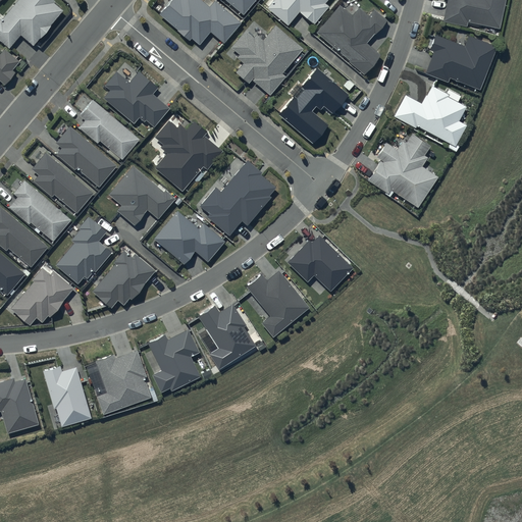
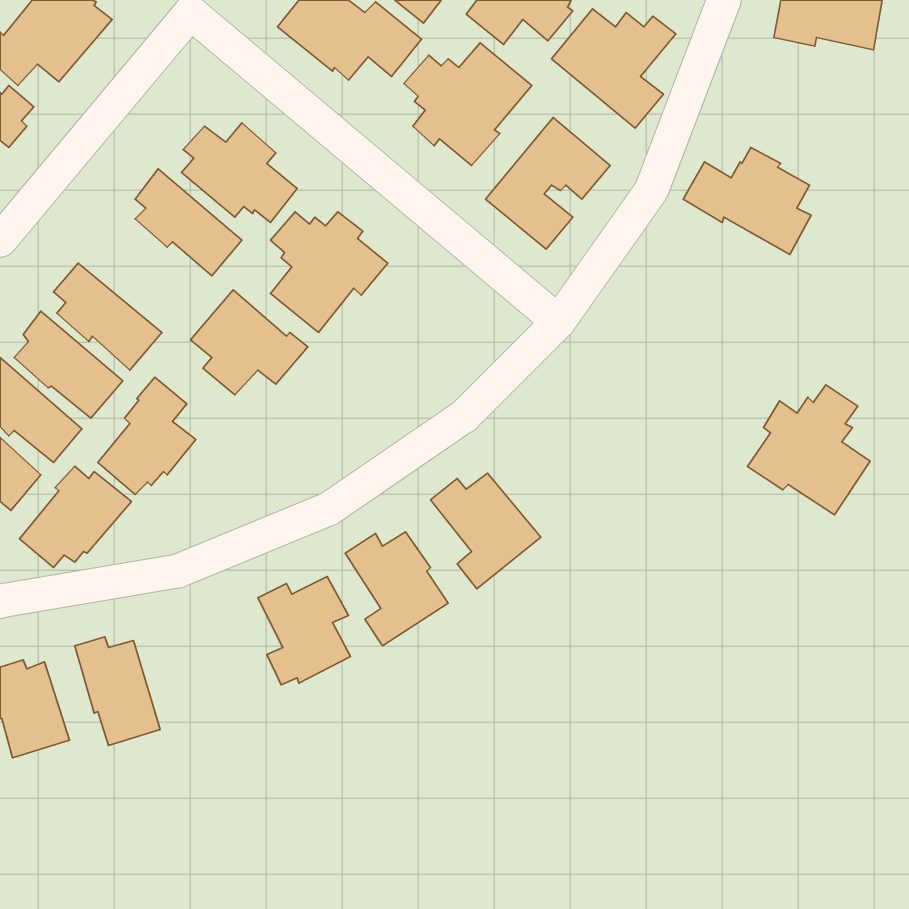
building: [423,33,495,88] -> none
building: [56,125,117,188] -> none
building: [366,132,436,206] -> [747,385,870,515]
building: [200,159,276,237] -> none
building: [154,211,225,264] -> none
building: [286,236,353,292] -> none
building: [92,251,155,309] -> none
building: [95,351,151,415] -> none

